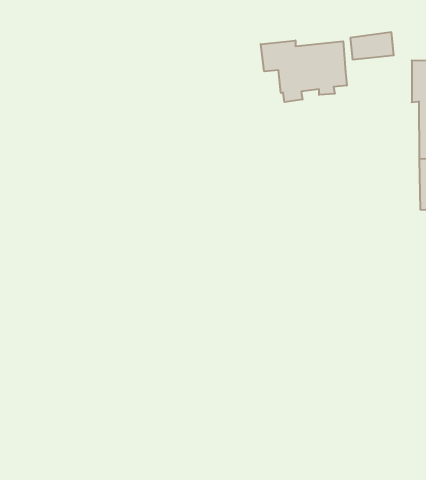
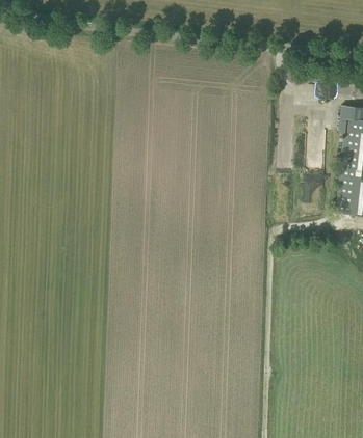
building: [261,40,347,102] -> none

